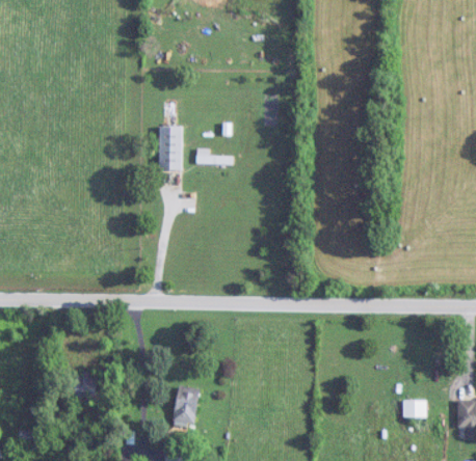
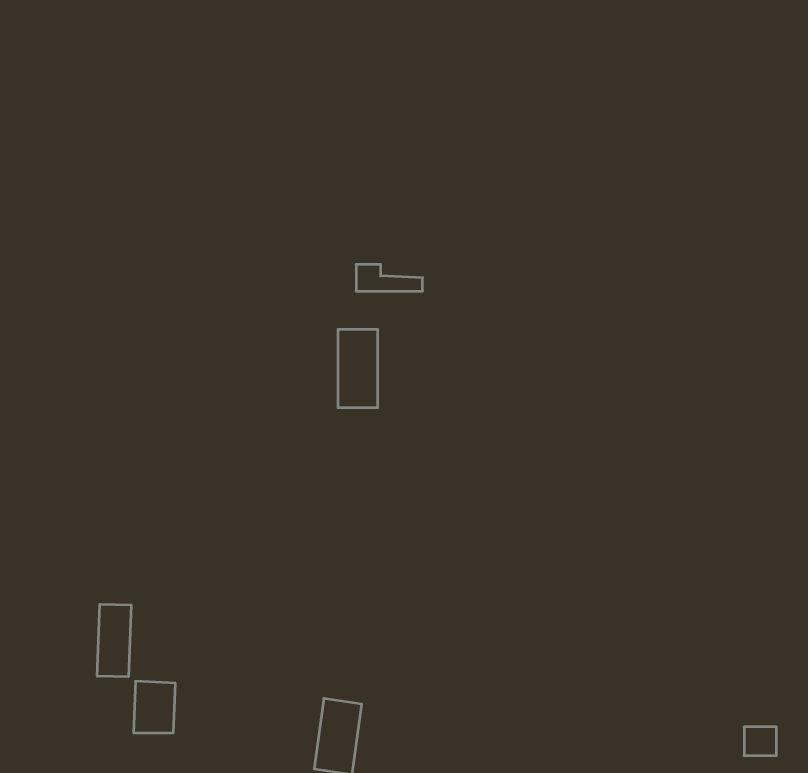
building: [159,126,181,168] -> [338,329,378,408]
building: none -> [97,604,131,677]

